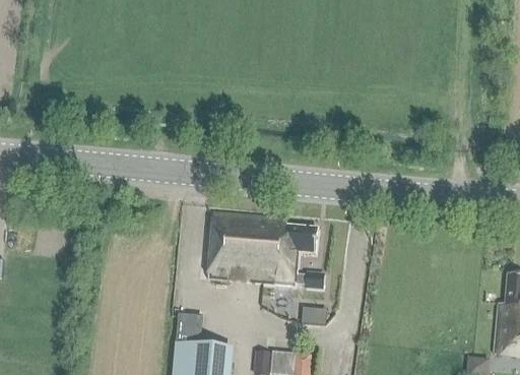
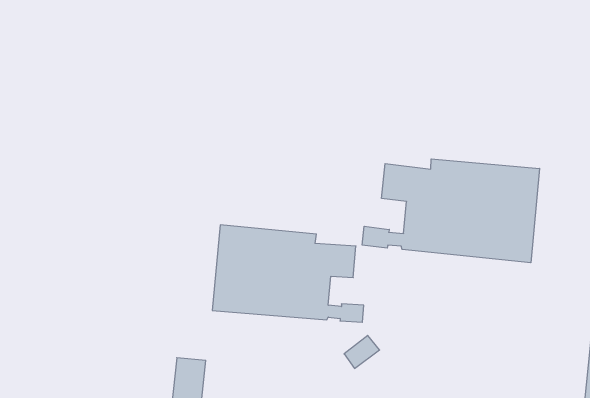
building: none -> [362,159,540,263]

